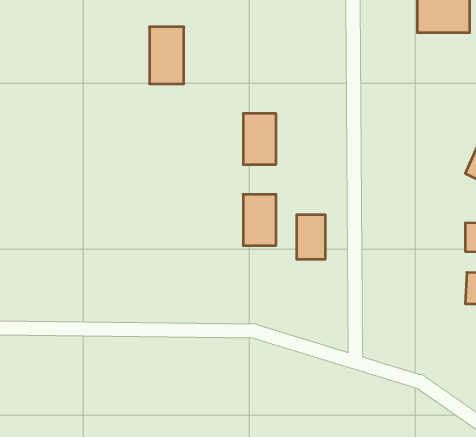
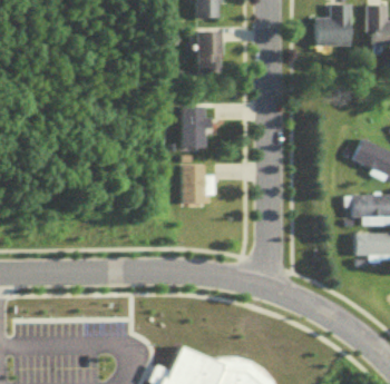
building: [149,27,184,84] -> [199,36,225,78]
building: [297,215,325,259] -> none

